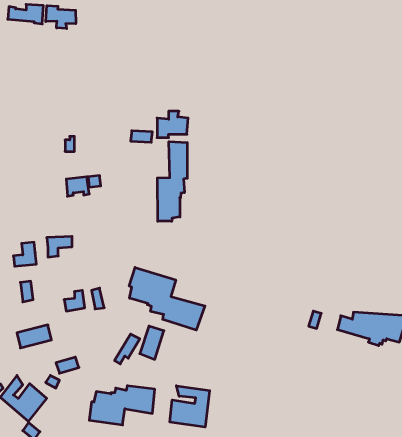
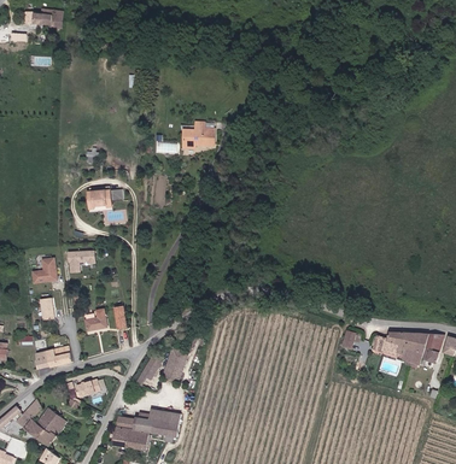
building: [46,6,76,29] -> none
building: [157,142,187,221] -> none
building: [129,267,205,330] -> none
building: [170,386,210,427] -> none

